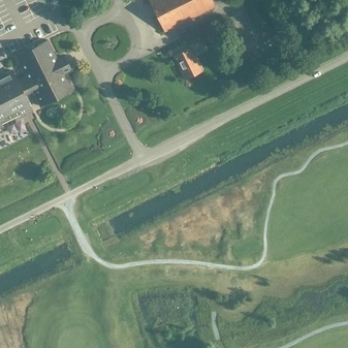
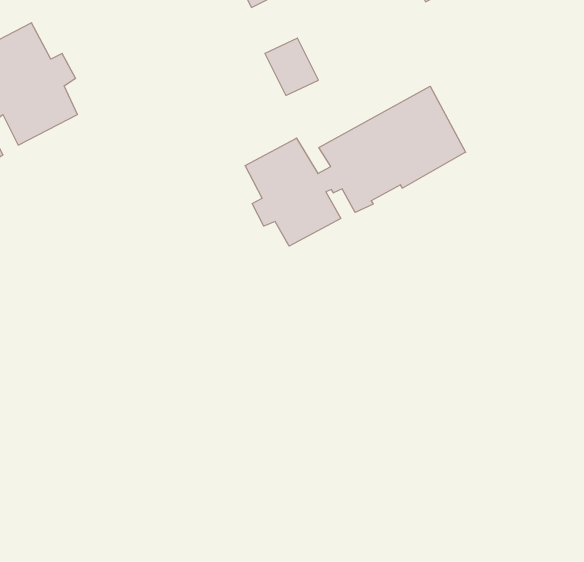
building: none -> [245,86,466,246]

